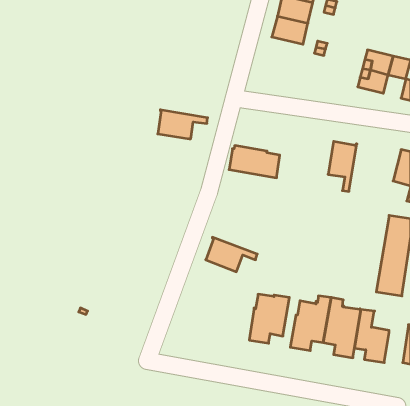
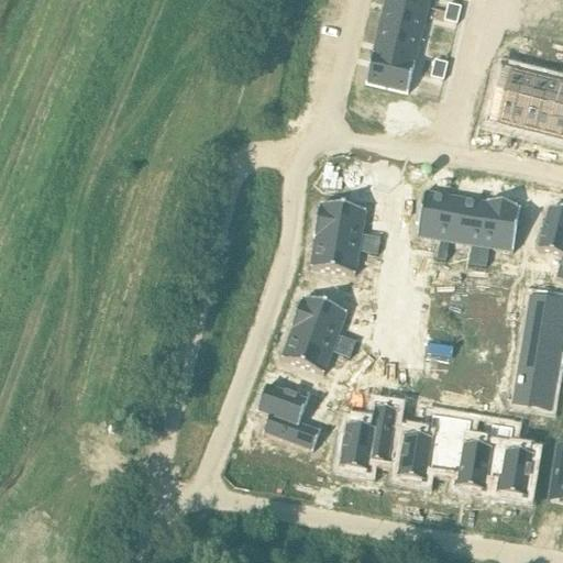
building: none -> [366,51,416,90]
building: none -> [526,102,556,134]
building: [158,110,208,139] -> [311,232,379,272]
building: none -> [417,188,457,257]
building: none -> [478,197,521,264]
building: none -> [291,294,356,347]
building: none -> [257,383,321,448]

